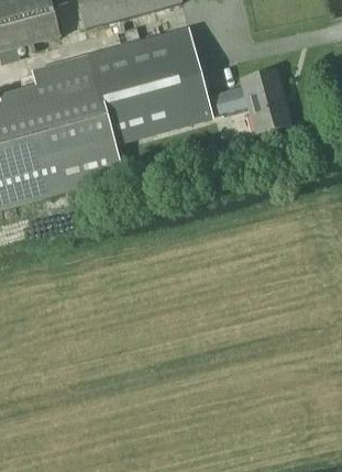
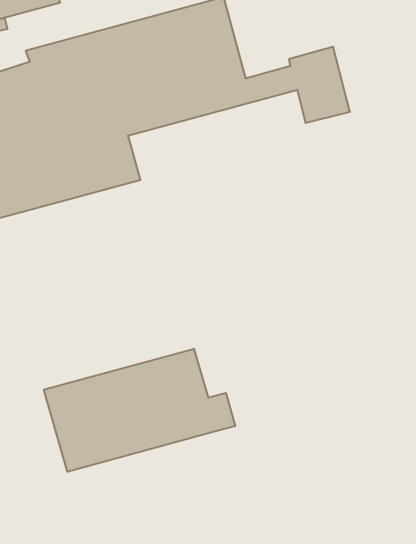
building: none -> [44,349,235,472]

